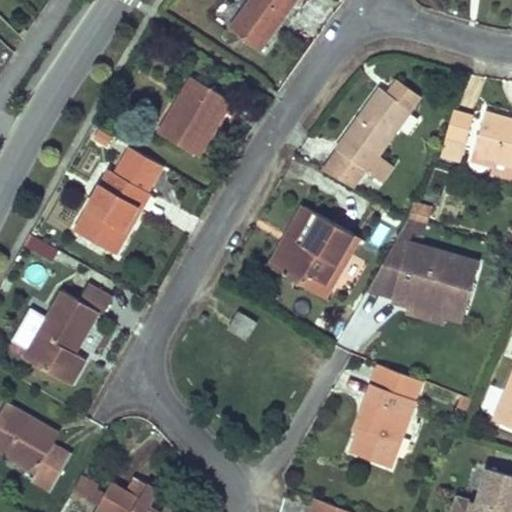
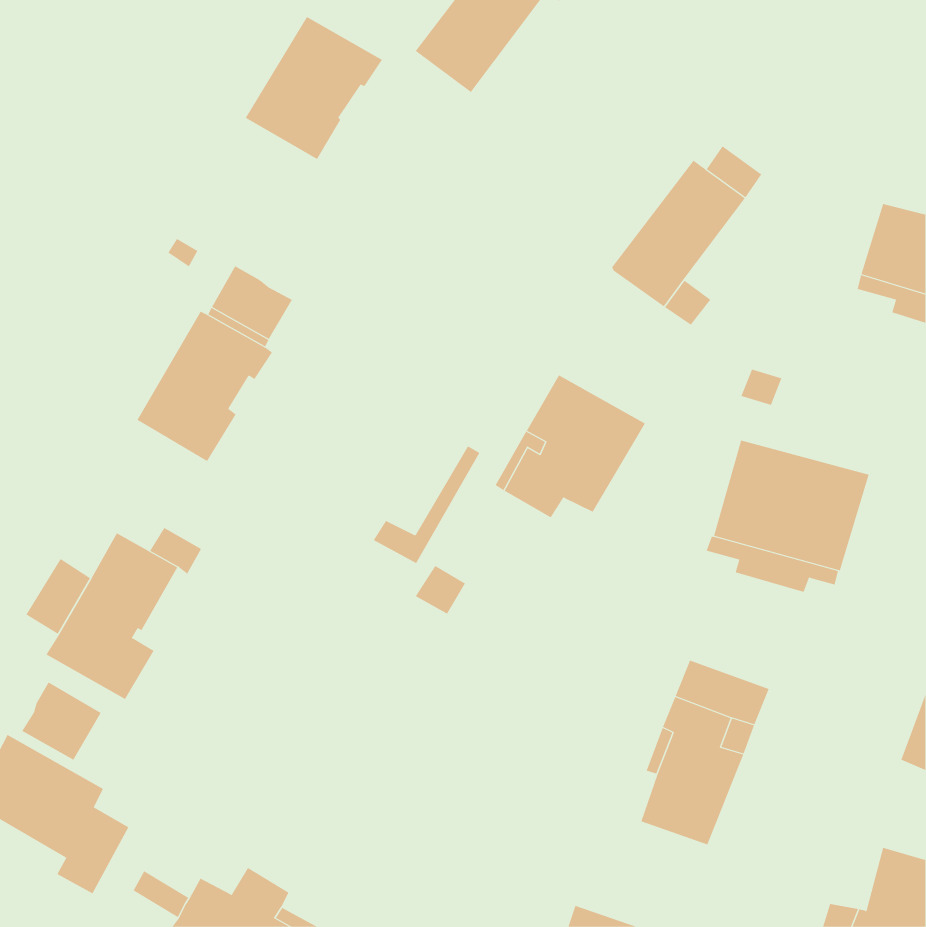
building: [156,77,232,156] -> [245,16,383,160]
building: [440,110,473,158] -> none
building: [322,149,365,187] -> none
building: [303,233,362,298] -> [373,446,480,564]
building: [367,238,407,295] -> none
building: none -> [22,682,102,760]

